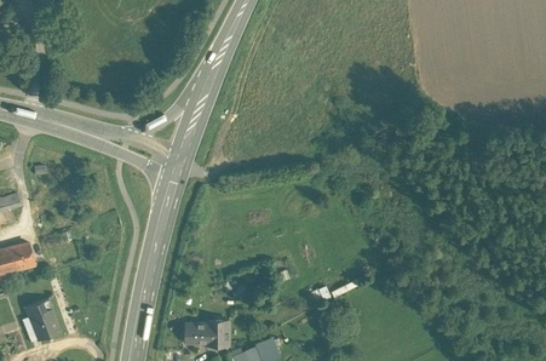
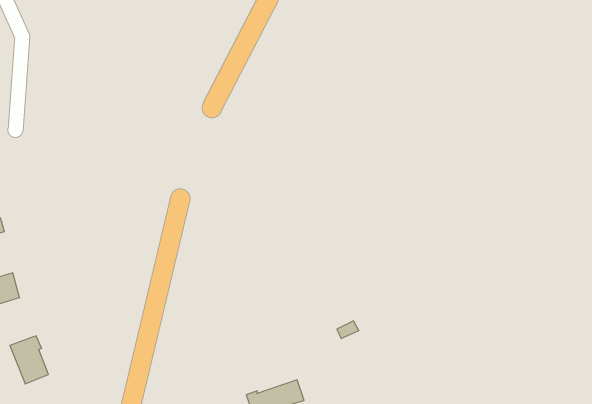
building: [185,322,229,346] -> none

